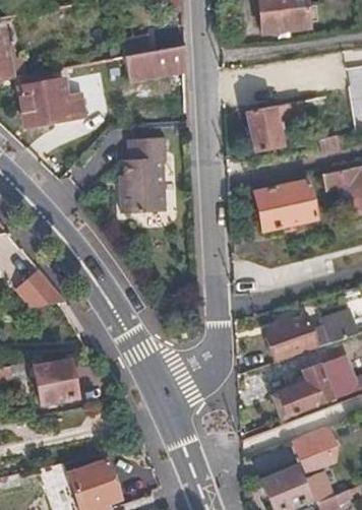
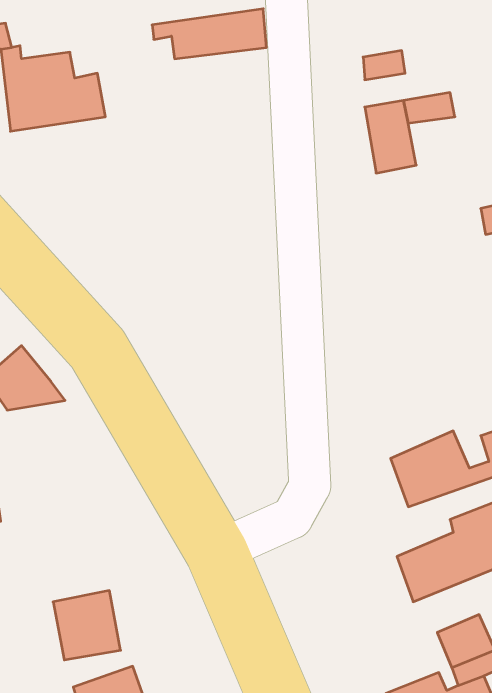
building: [124,136,169,212] -> none
building: [256,181,317,231] -> none
building: [29,355,72,398] -> [53,591,121,660]

